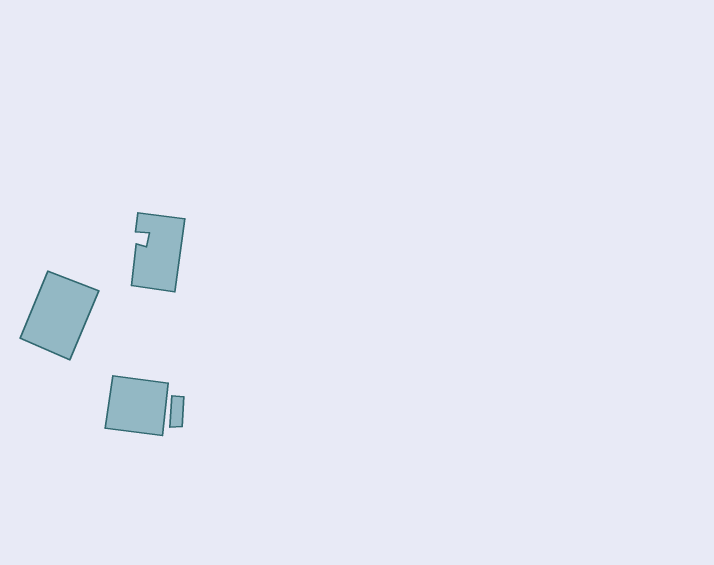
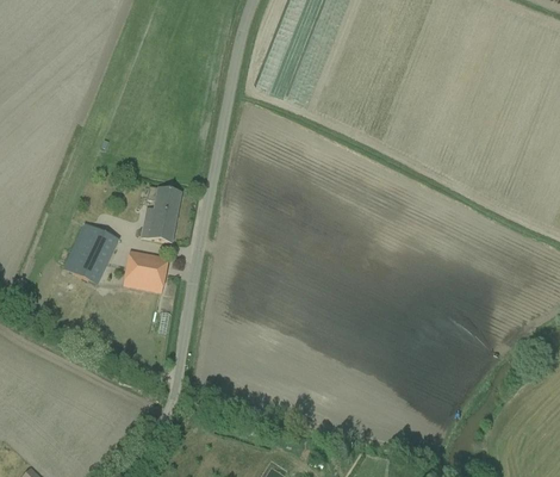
building: [105,376,168,435] -> [122,250,167,293]

